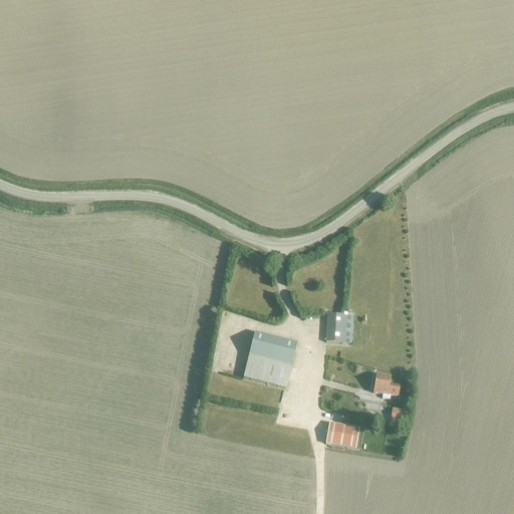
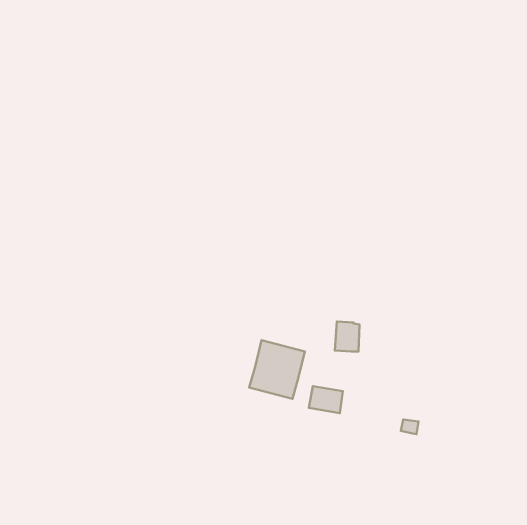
building: [373,373,400,398] -> none
building: [326,422,359,448] -> [309,386,343,413]

